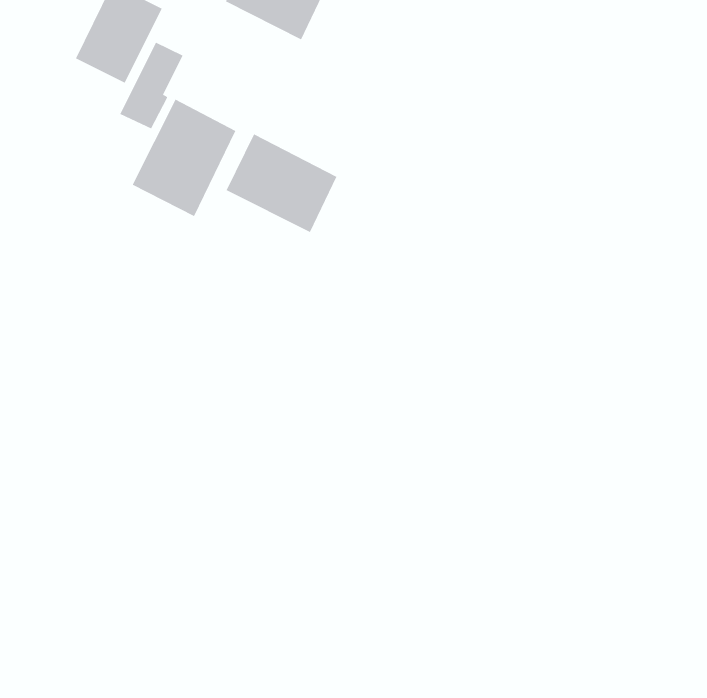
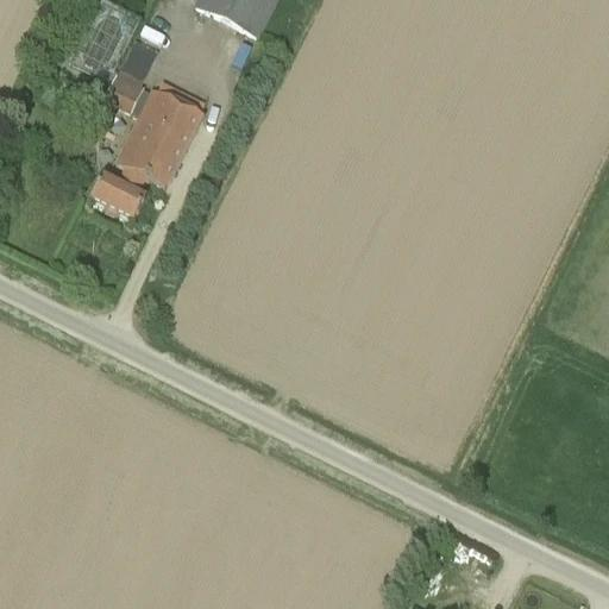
building: [226,133,337,233] -> none
building: none -> [92,171,147,216]

